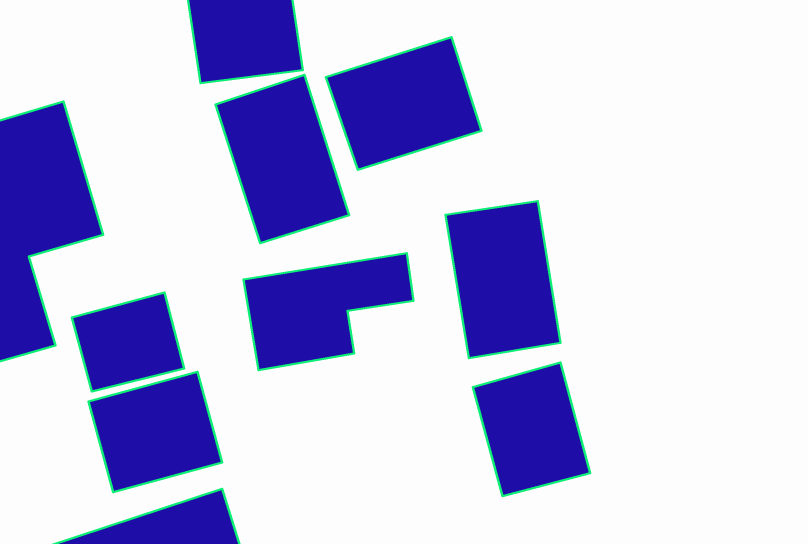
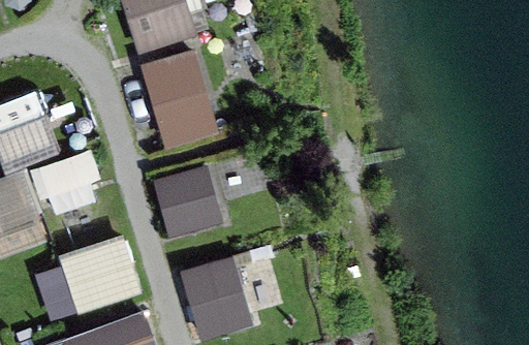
building: [326,37,482,170] -> none
building: [445,201,561,358] -> none
building: [473,363,590,496] -> [179,255,252,339]

